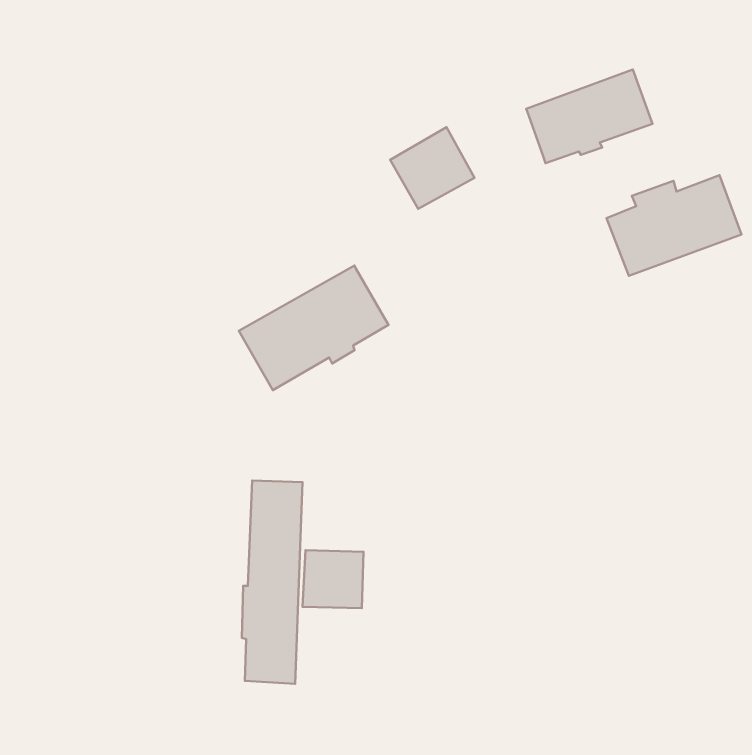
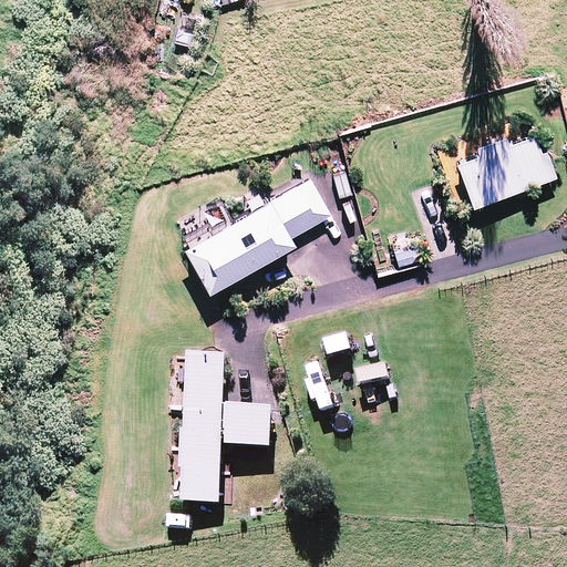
building: [526,69,652,163] -> none
building: [390,127,475,209] -> [266,178,329,239]

